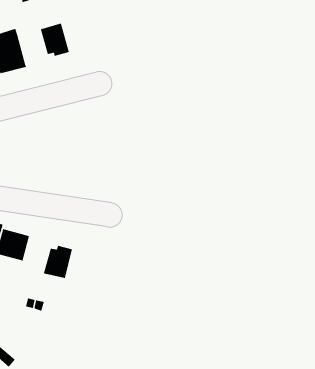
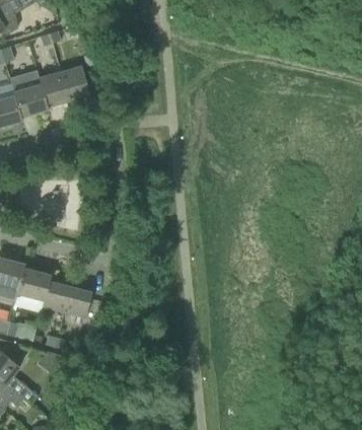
building: none -> [40,72,68,107]
building: none -> [43,277,71,312]

